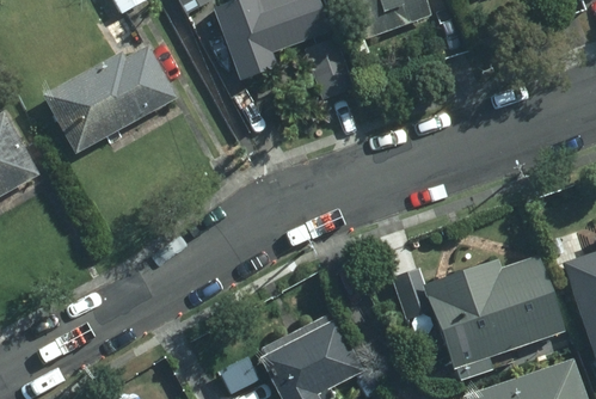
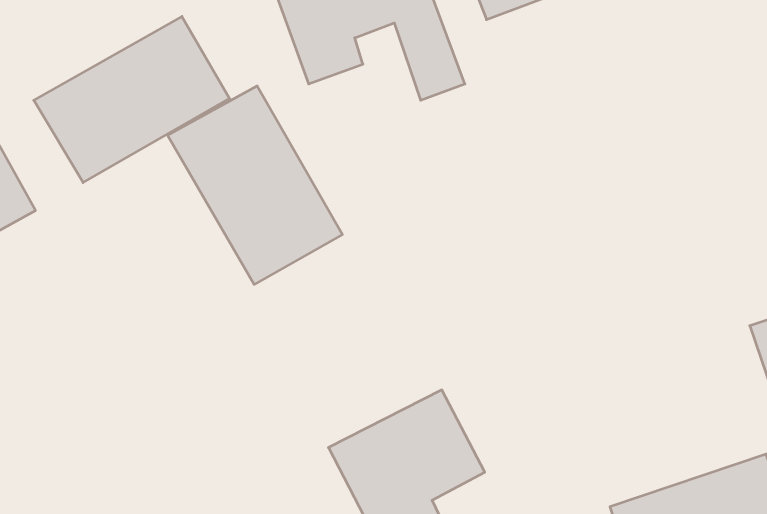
building: none -> [168,86,342,284]
building: [416,252,566,372] -> none

